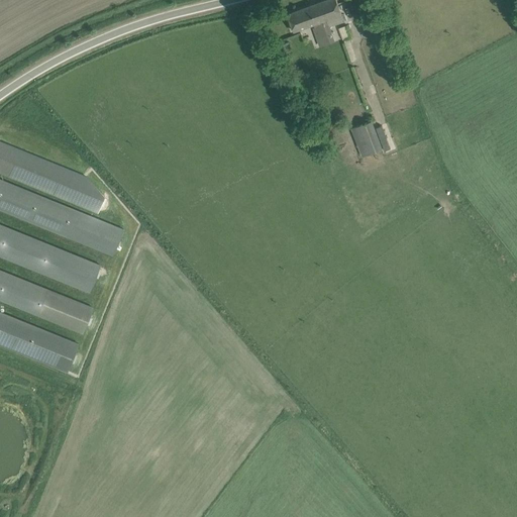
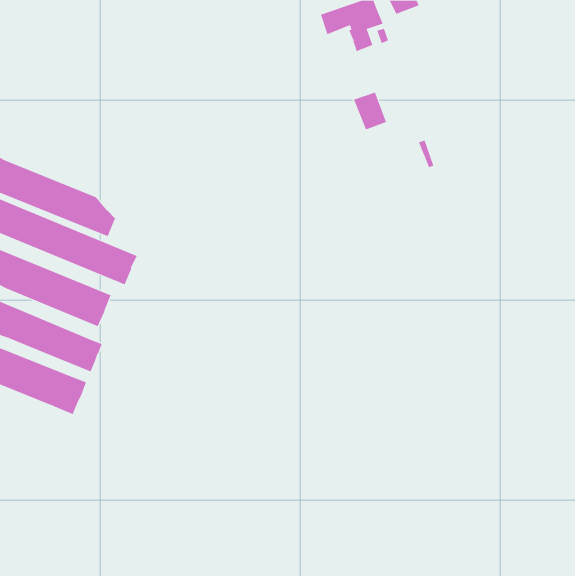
building: [350,121,381,156] -> [353,92,387,130]

